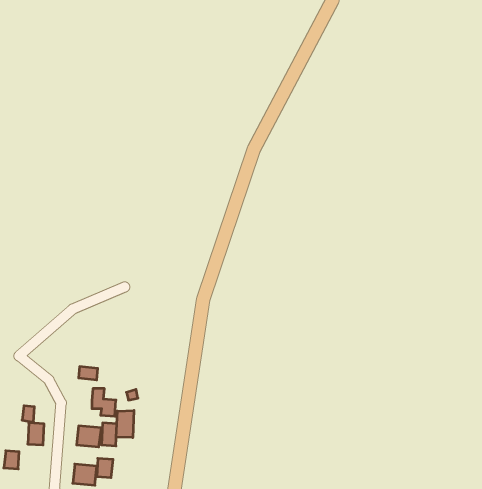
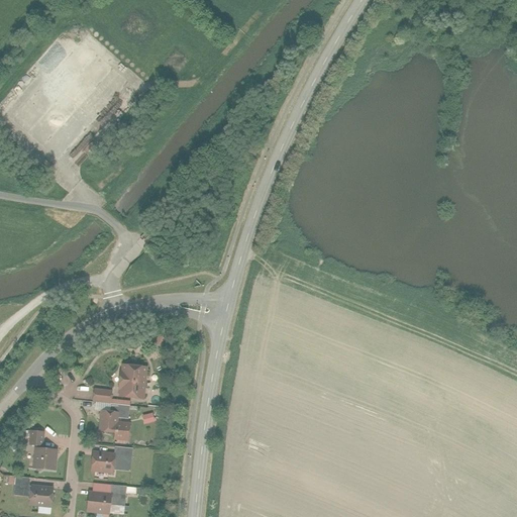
building: none -> [116,363,146,398]
building: [116,410,134,438] -> none
building: none -> [27,483,55,507]

